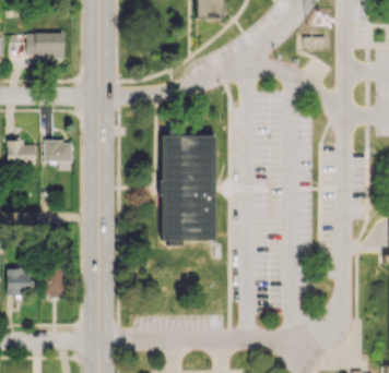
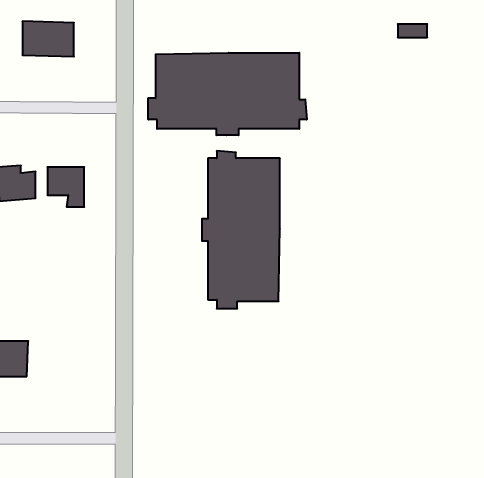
building: none -> [148,53,307,135]
building: [43,268,66,297] -> none

